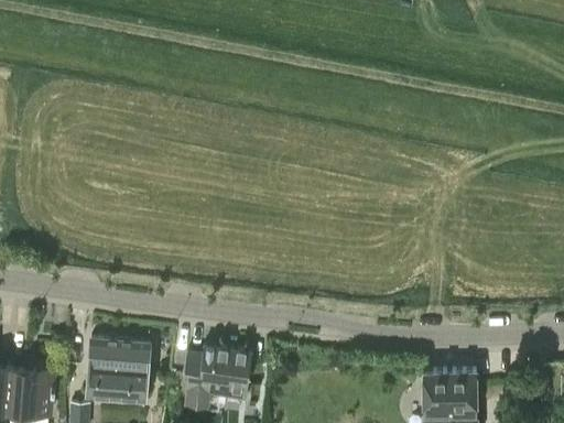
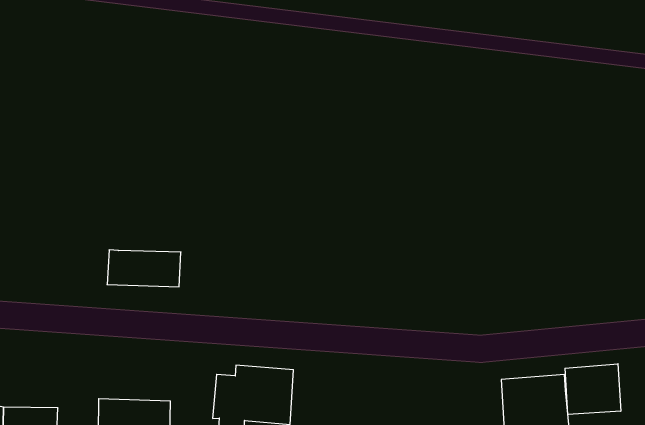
building: [88,340,151,375] -> [107,250,181,287]
building: none -> [565,364,621,415]

